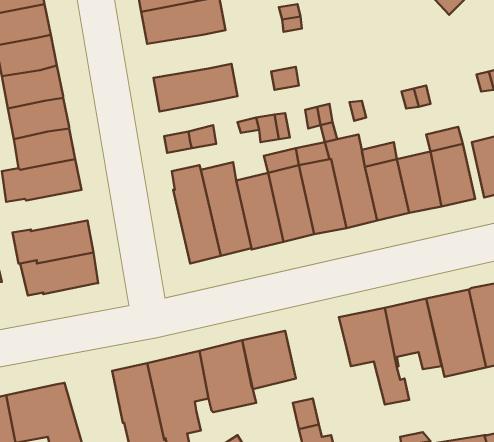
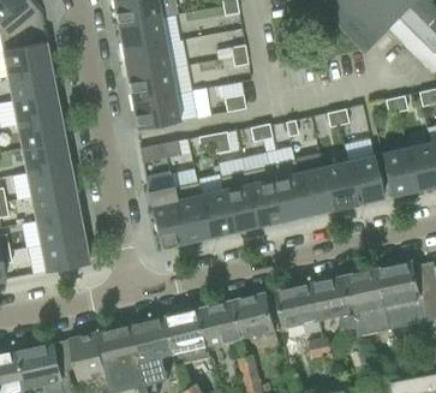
building: none -> [127,65,193,102]
building: none -> [32,190,80,222]
building: none -> [235,292,279,338]
building: none -> [62,332,108,379]

